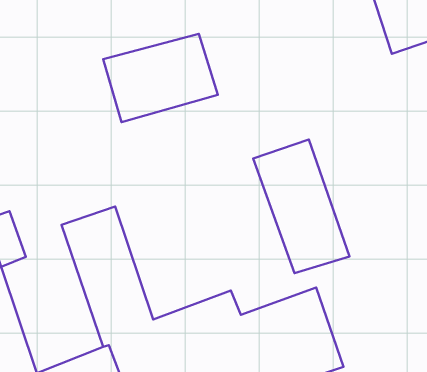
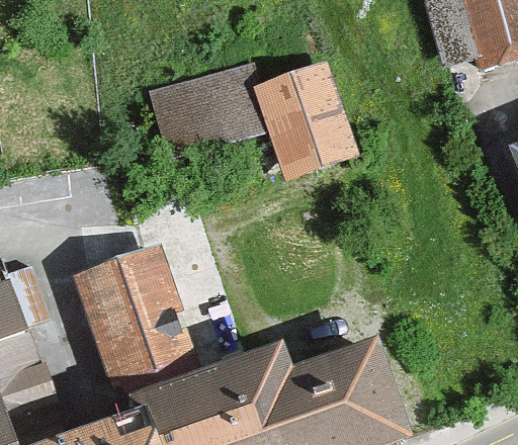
building: none -> [256,65,359,182]
building: [253,140,349,273] -> none

